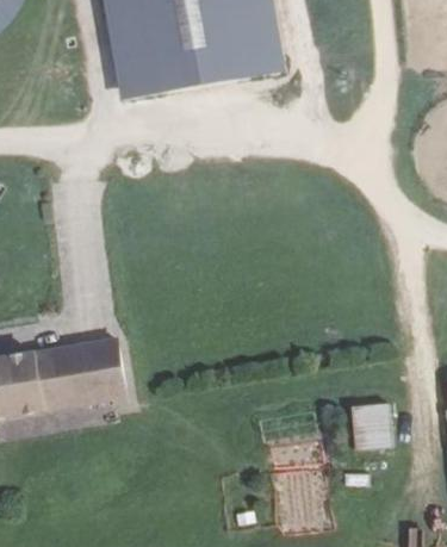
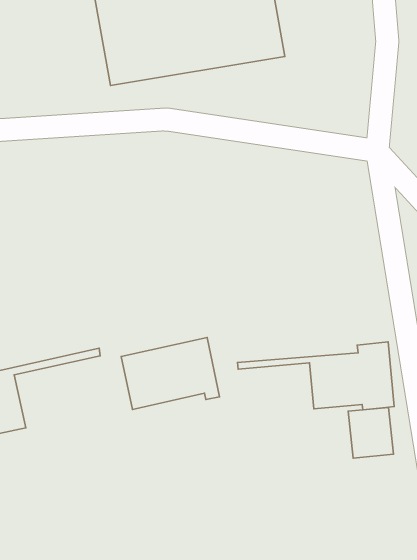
building: none -> [237,342,394,410]
building: [33,343,126,411] -> [121,337,220,409]

